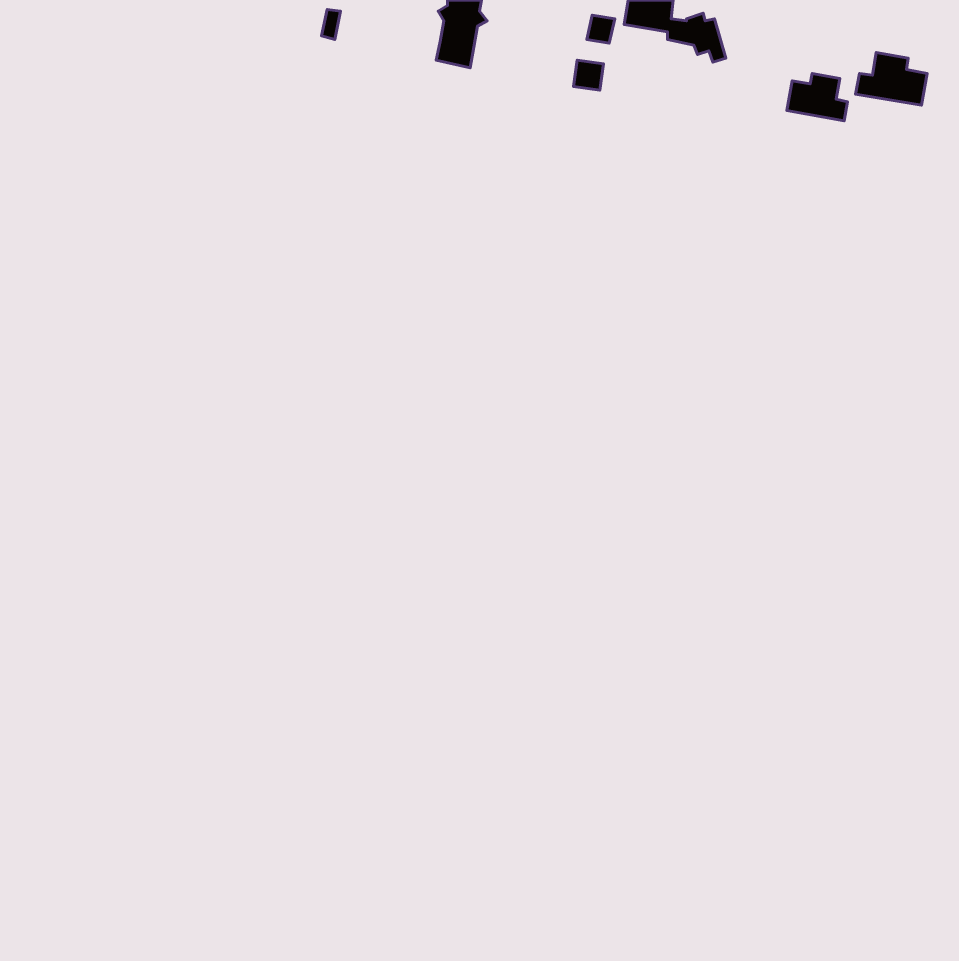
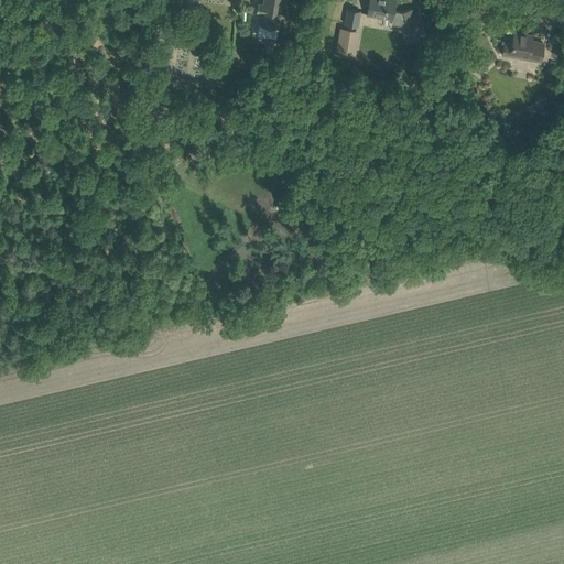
building: [787,74,847,121] -> none

